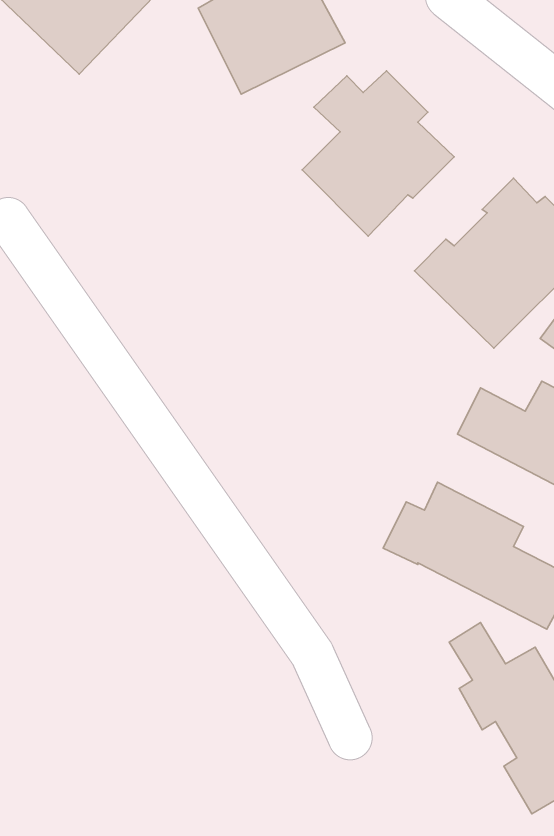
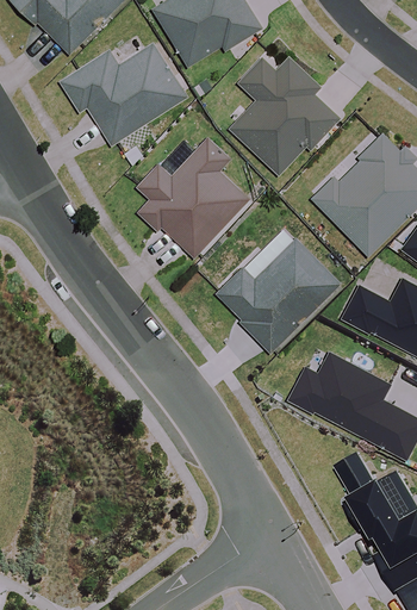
building: none -> [60,35,187,148]
building: none -> [136,136,249,255]
building: none -> [216,238,342,351]

